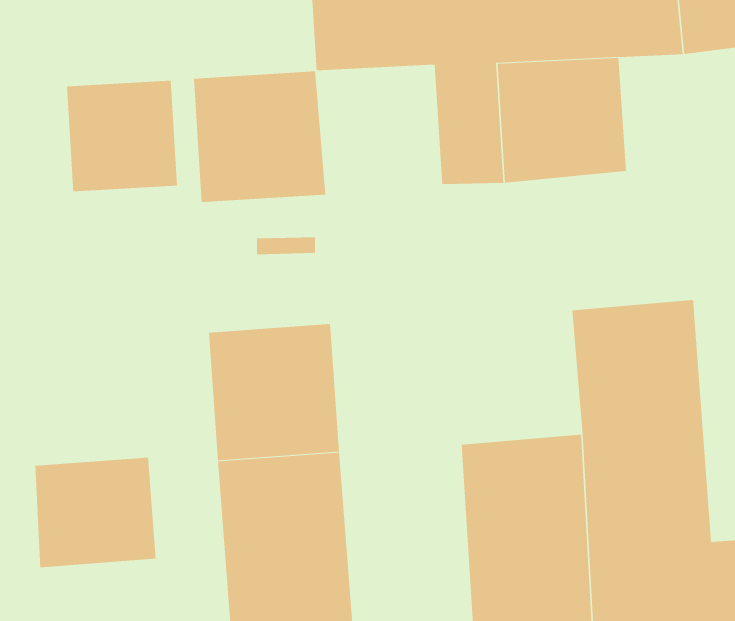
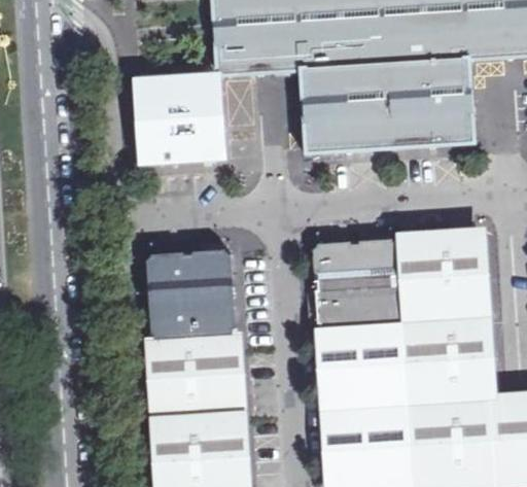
building: none -> [428,64,475,144]
building: [66,80,178,192] -> none
building: none -> [312,240,402,333]
building: [35,457,156,568] -> none

